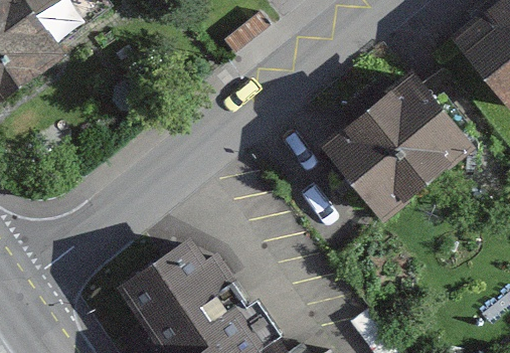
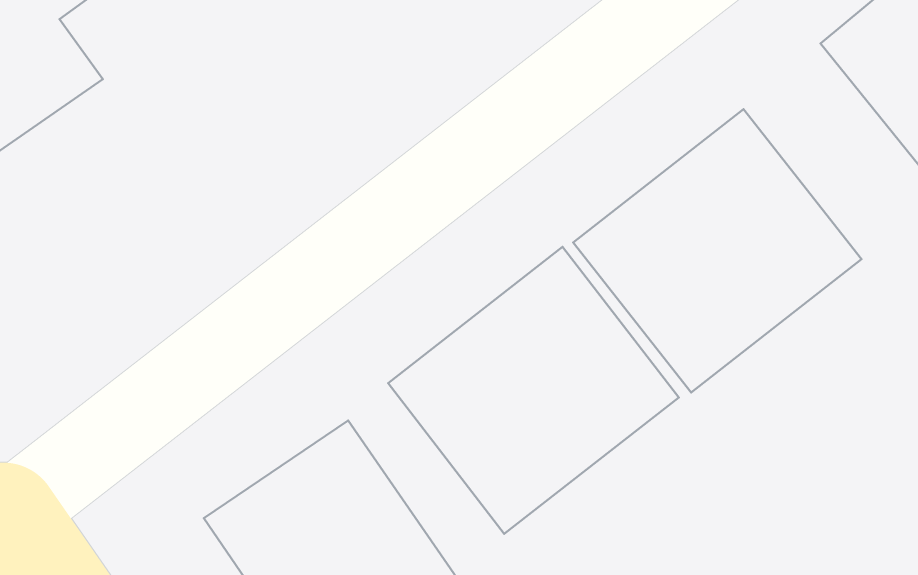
building: none -> [388,247,679,534]

